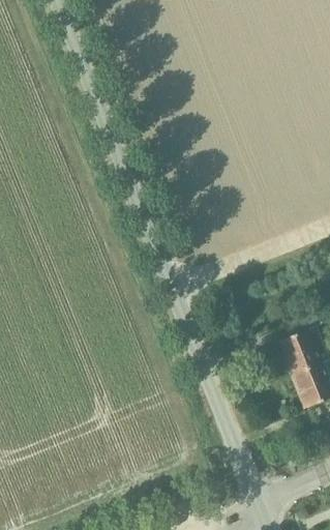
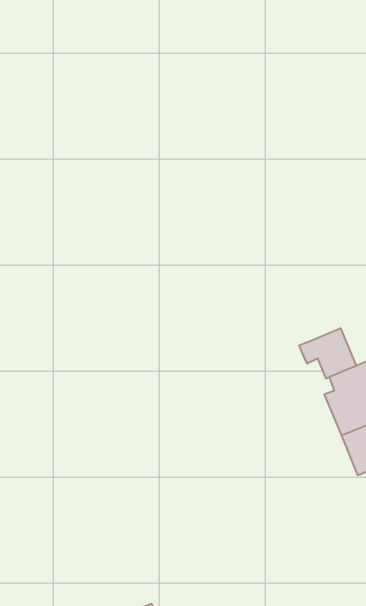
building: none -> [299,328,356,379]

